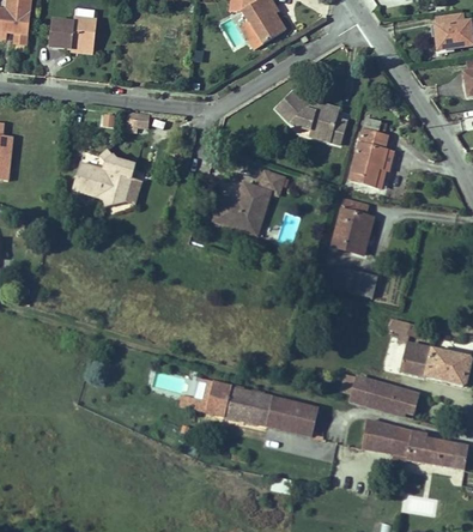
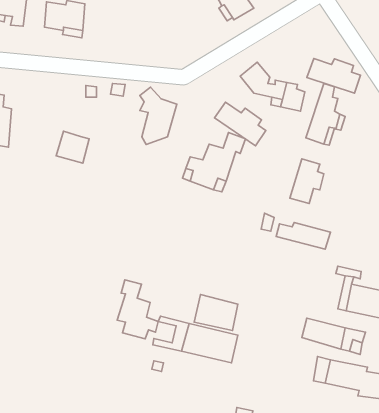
building: none -> [307,58,360,93]
building: none -> [214,102,266,146]
building: [95,144,137,208] -> [140,87,177,144]
building: none -> [117,280,158,339]
building: [265,394,314,435] -> [194,294,238,331]

